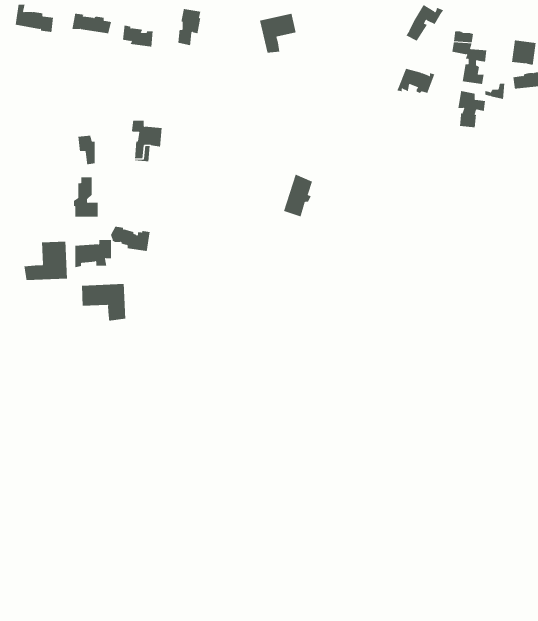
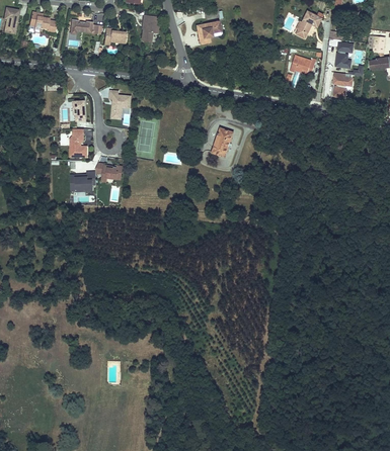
building: [24,241,68,281] -> none
building: [81,283,126,322] -> none

